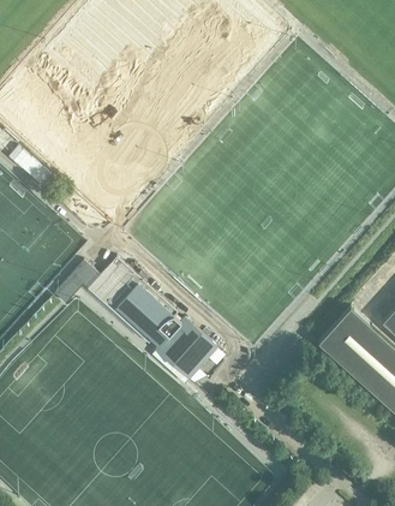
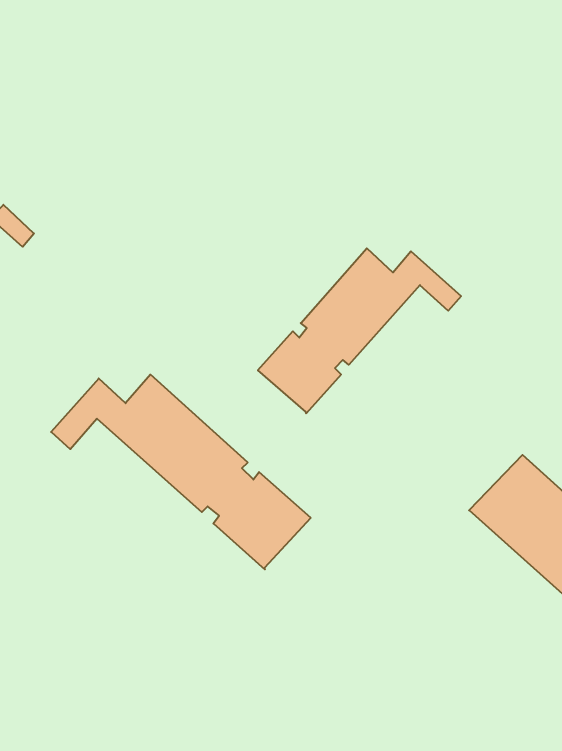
building: none -> [258,248,461,413]

